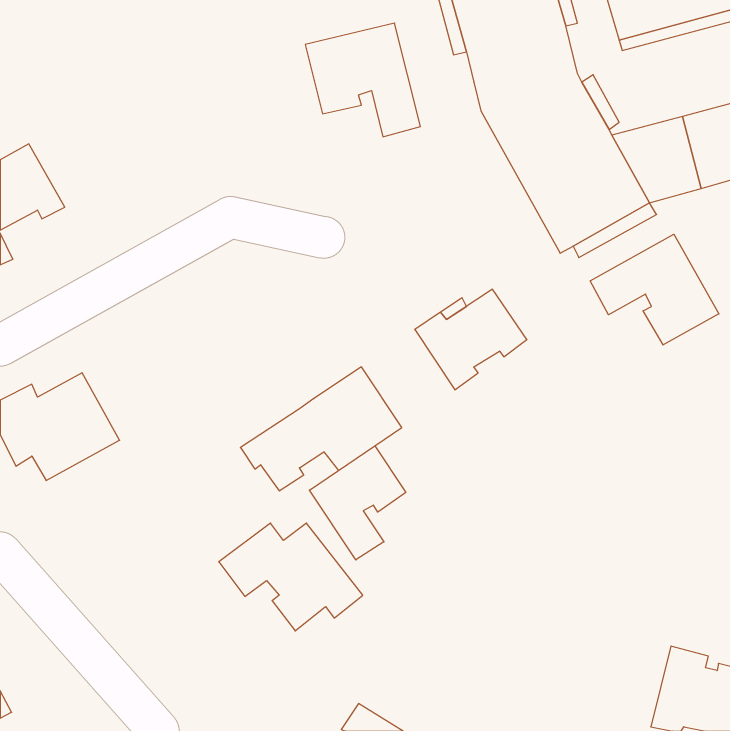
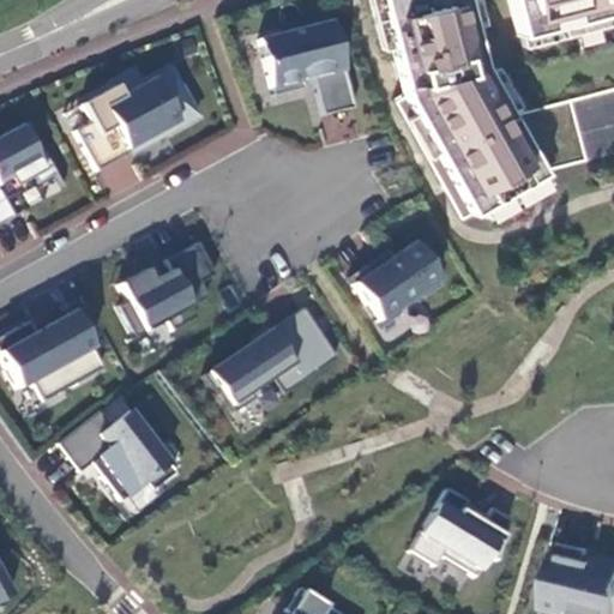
building: none -> [66,66,200,170]
building: [590,234,719,345] -> none
building: none -> [118,241,216,339]
building: [309,446,406,560] -> none
building: [219,523,363,631] -> [59,410,179,500]
building: none -> [411,487,513,577]

